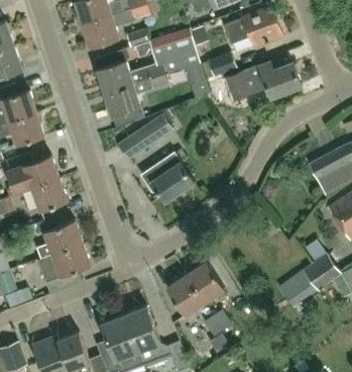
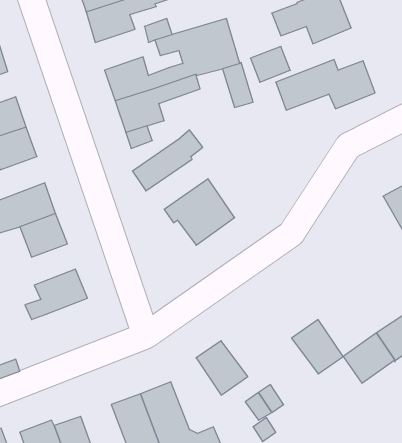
building: [36,243,91,294] -> none
building: [185,261,224,302] -> [292,320,343,374]

